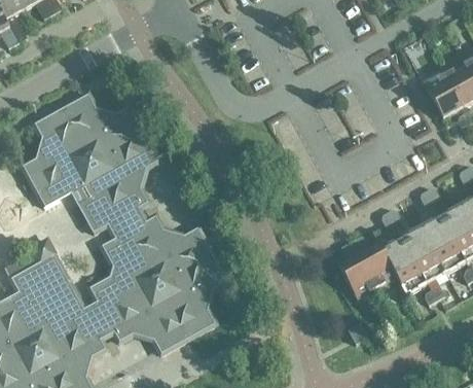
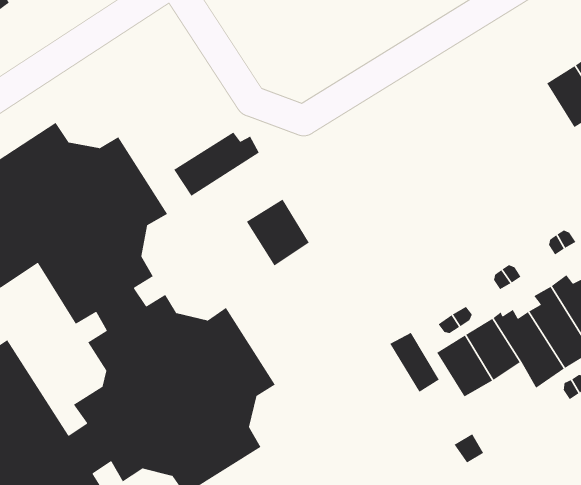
building: none -> [173,132,260,197]
building: none -> [246,198,310,266]
building: none -> [389,332,440,393]

